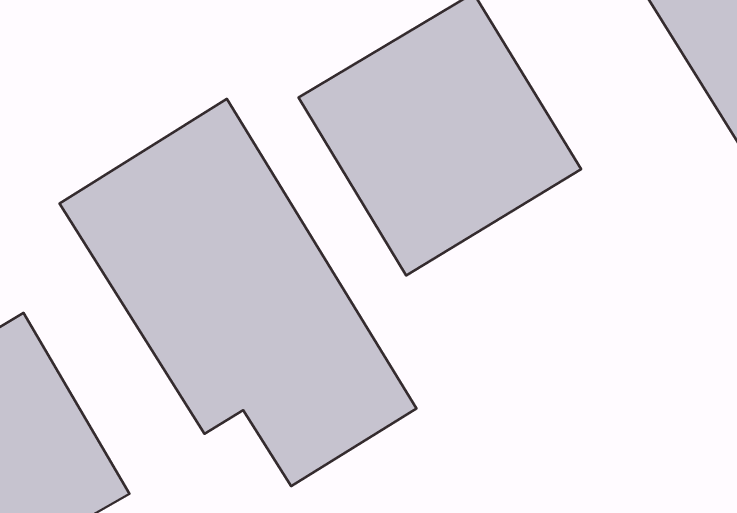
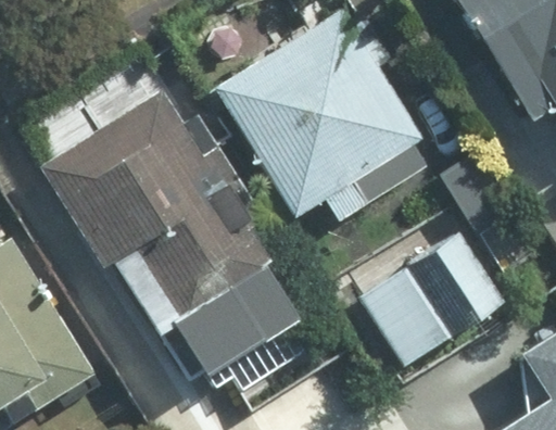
building: none -> [362,235,506,367]

